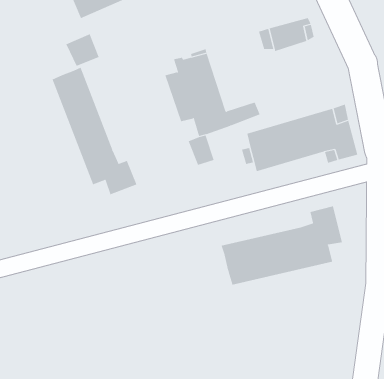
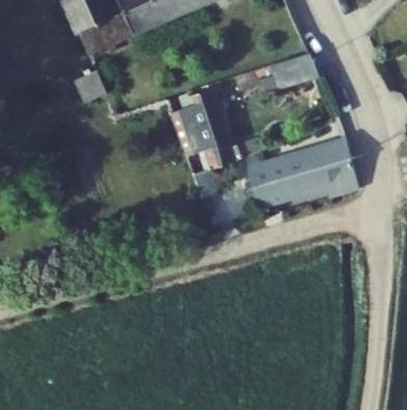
building: [52,67,137,195] -> none
building: [221,205,342,286] -> none

